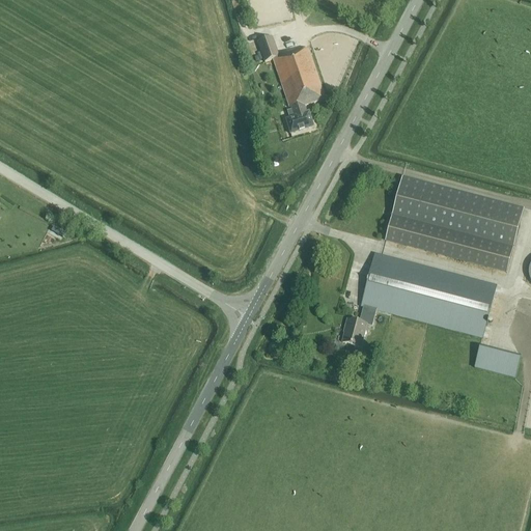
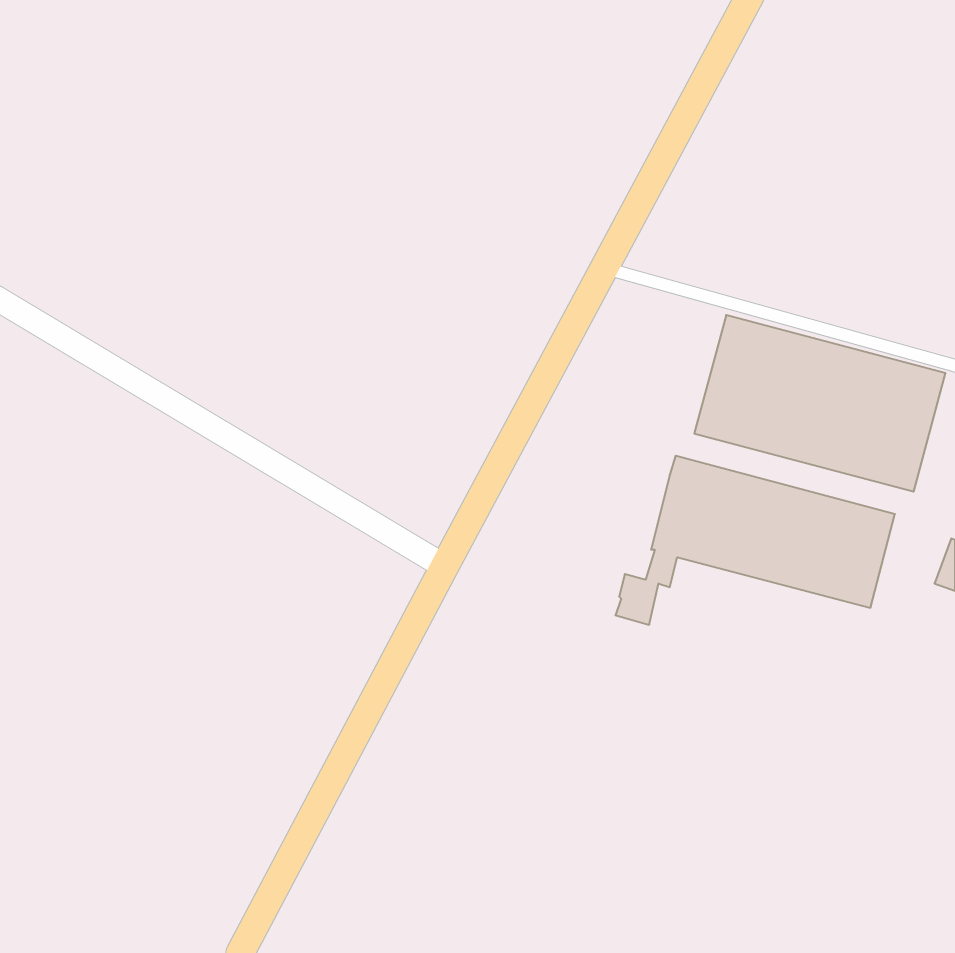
building: [256,34,325,133] -> none
building: [473,343,519,376] -> none

